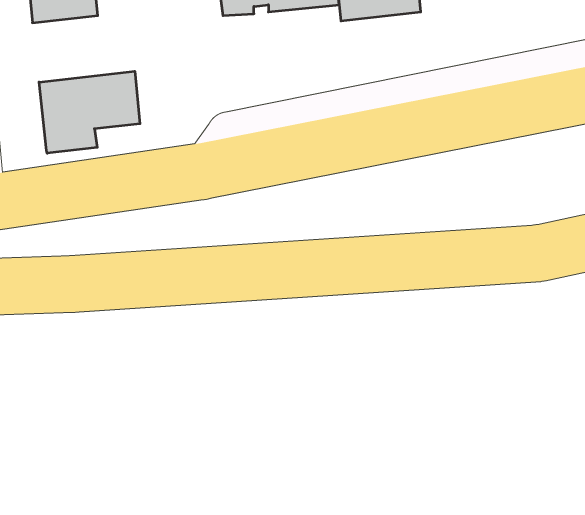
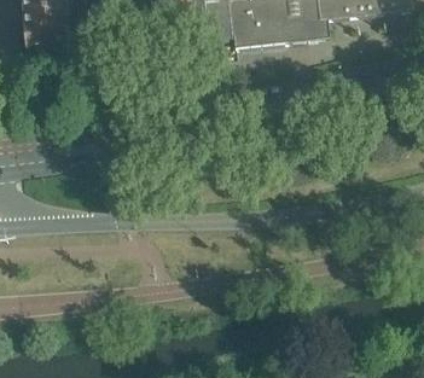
building: [39,71,140,153] -> none

